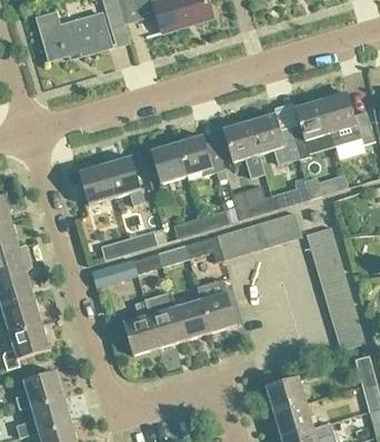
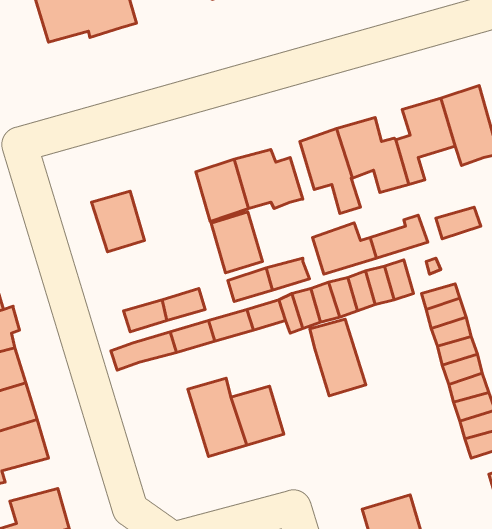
building: [106,155,141,198] -> [211,212,262,273]
building: [199,279,238,332] -> [310,319,366,396]
building: [124,301,160,355] -> none

